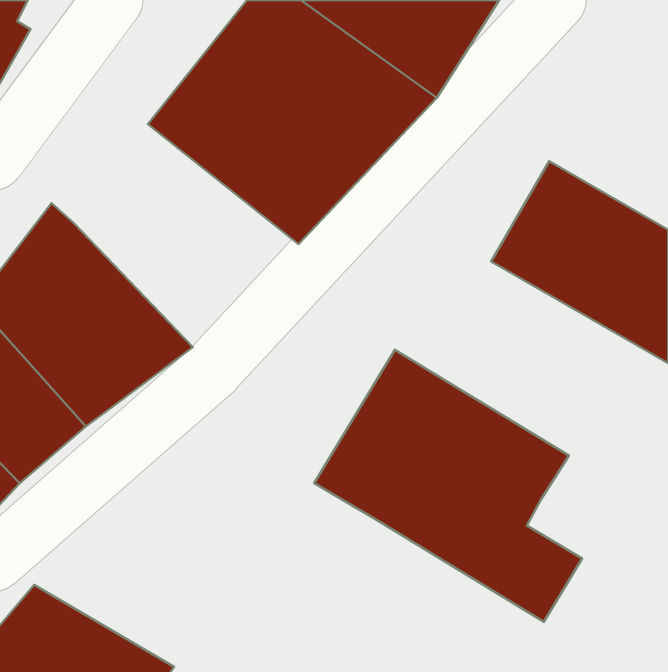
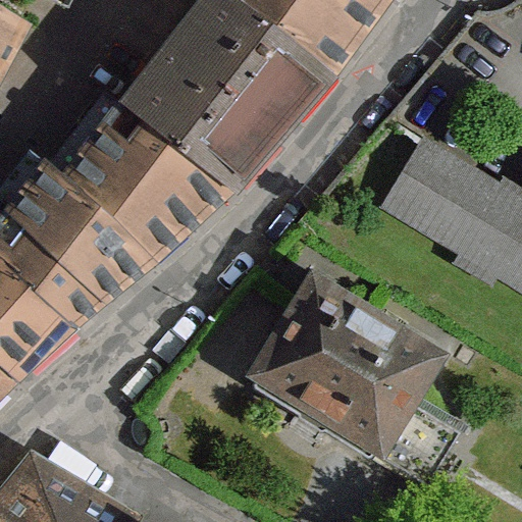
building: none -> [57,98,230,270]

